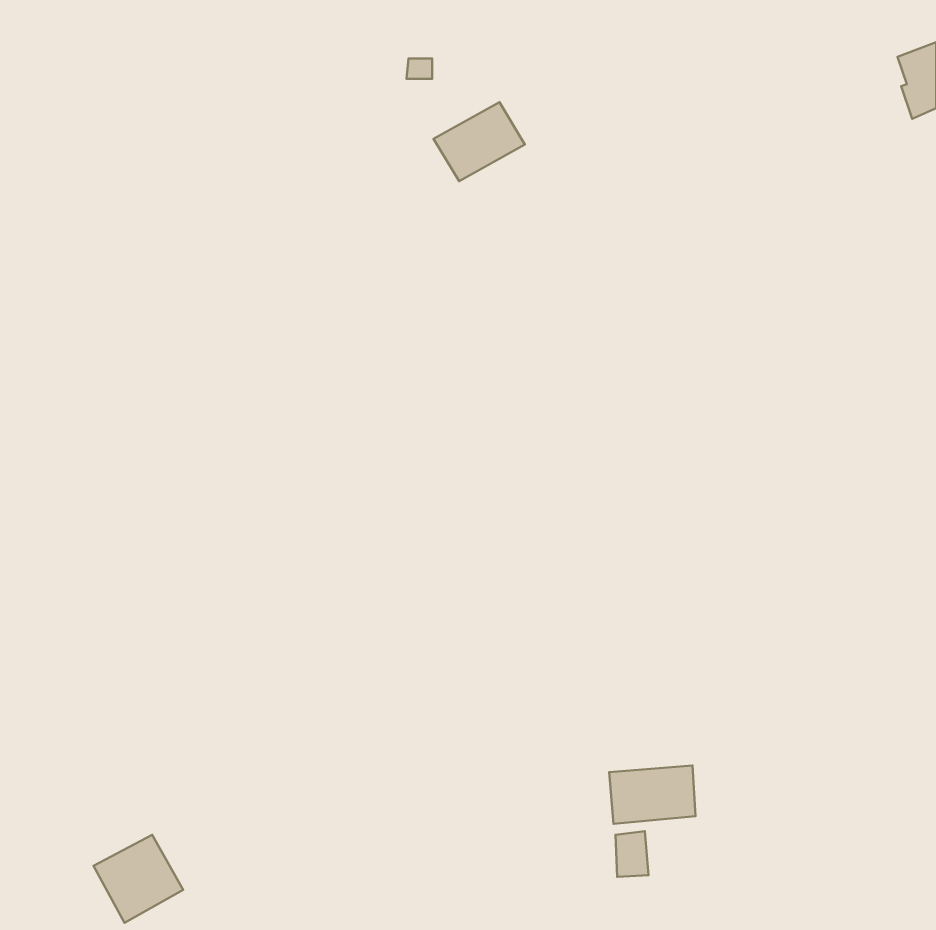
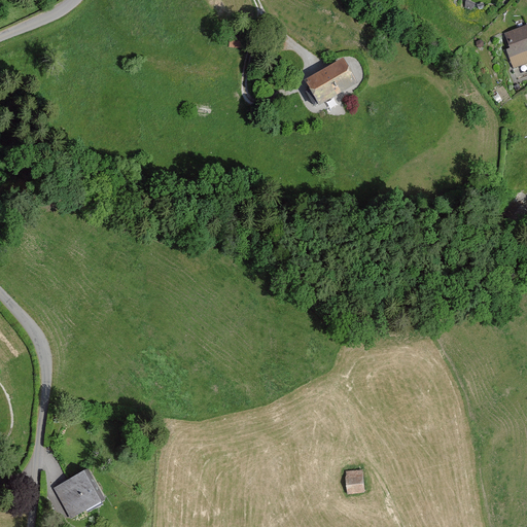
building: [433,102,525,181] -> [306,60,357,104]
building: [609,766,696,824] -> none

